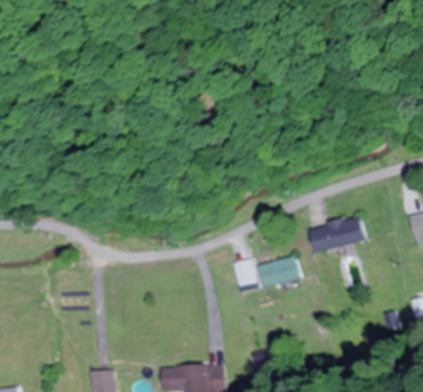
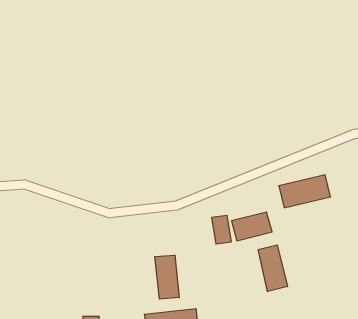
building: none -> [258,245,287,292]
building: none -> [155,255,179,299]

